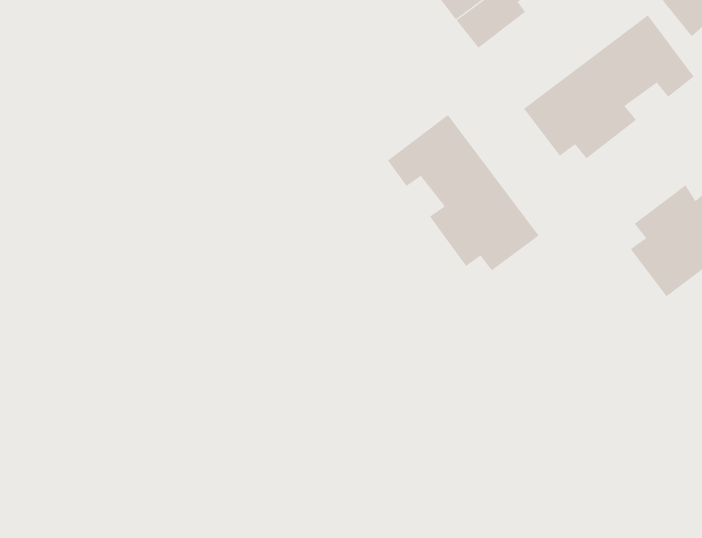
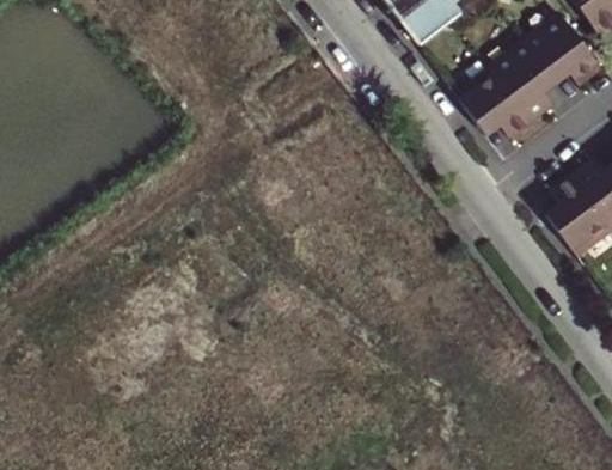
building: [387,114,539,271] -> none

